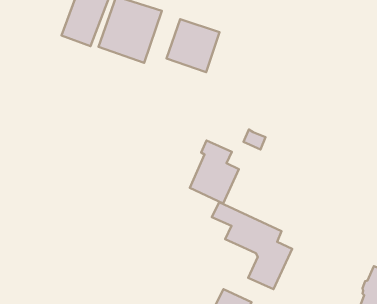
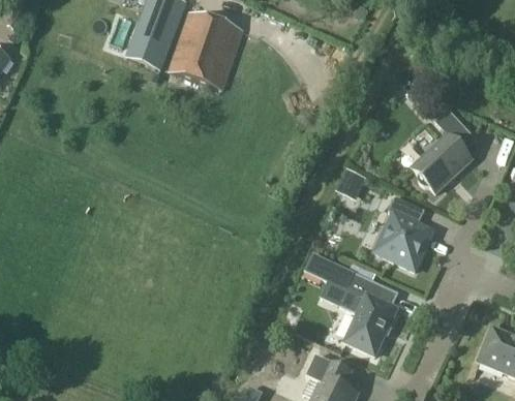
building: [166,19,219,72] -> none
building: none -> [413,109,472,191]
building: [190,140,239,204] -> [375,195,433,270]

